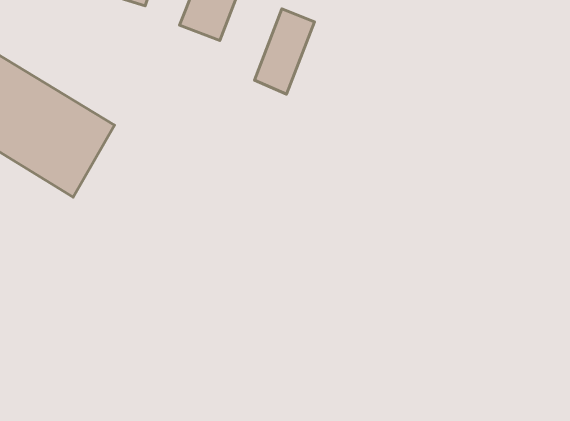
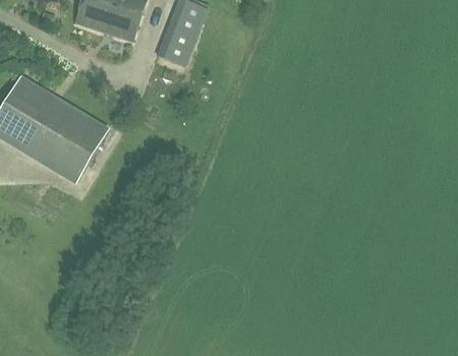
building: [255,9,315,94] -> none

